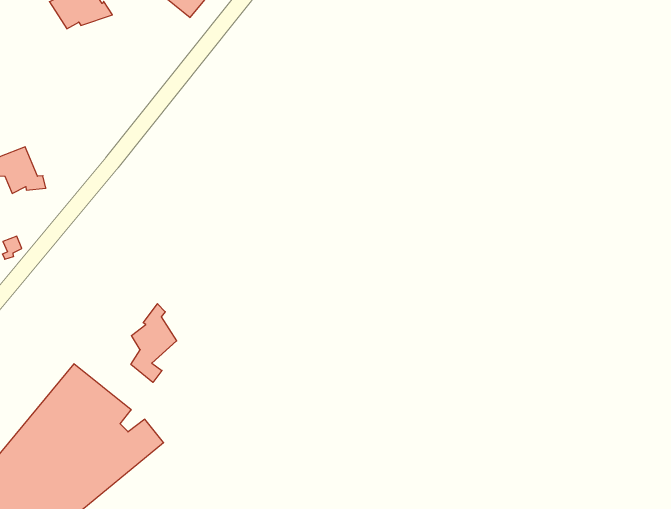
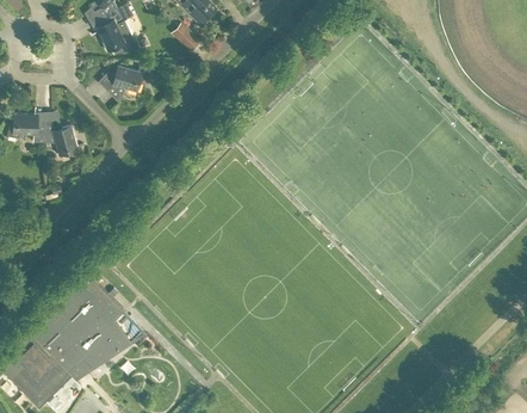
building: none -> [107,67,149,101]
building: [131,304,177,382] -> none

